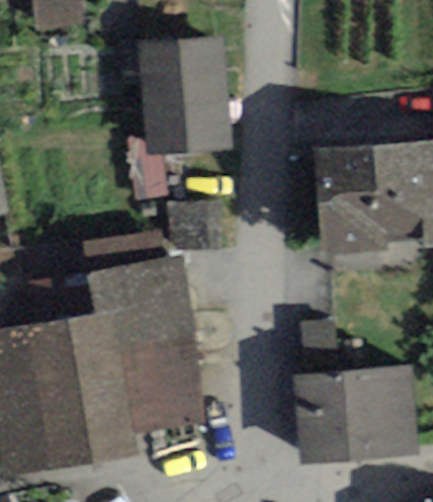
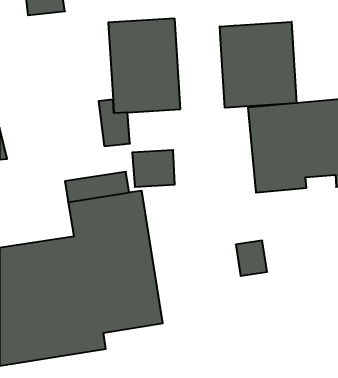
building: none -> [220,22,297,108]
building: [291,364,420,464] -> none

